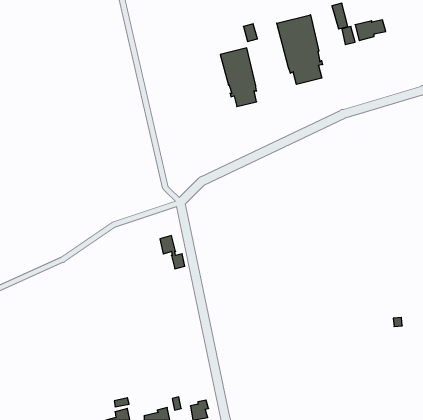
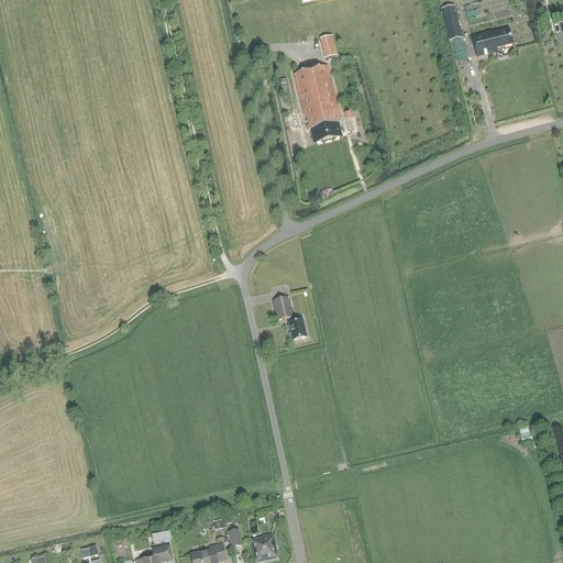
building: [277,15,323,84] -> none
building: [160,236,185,269] -> [273,295,306,339]

